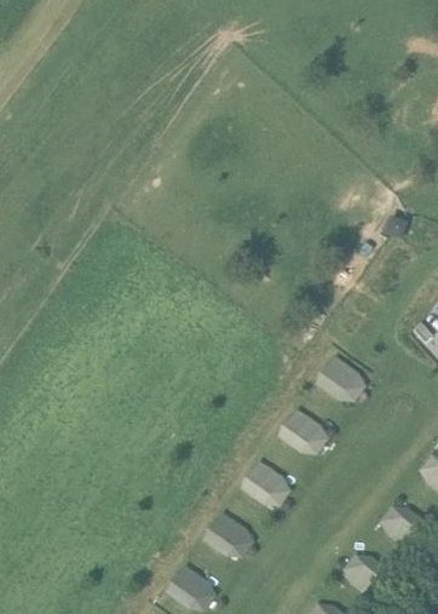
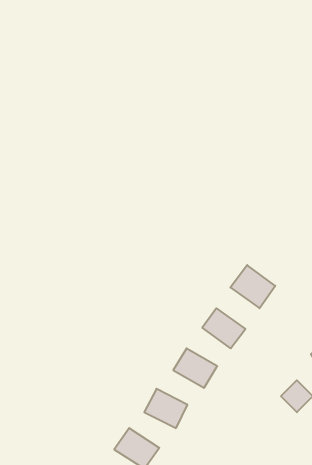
building: [342,551,380,589] -> none

